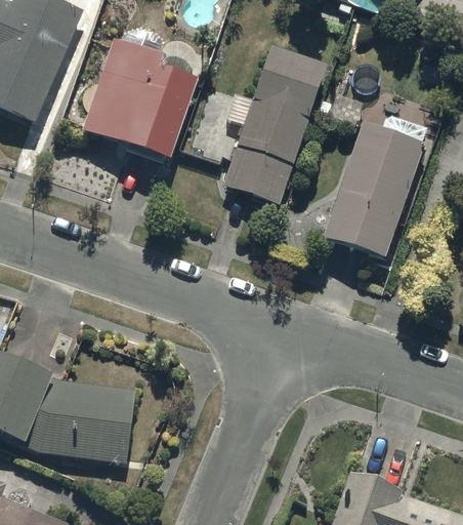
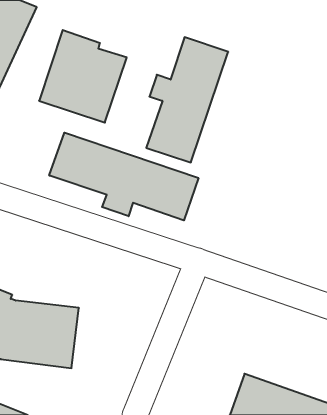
building: [324,116,426,257] -> none
building: none -> [49,133,198,220]

